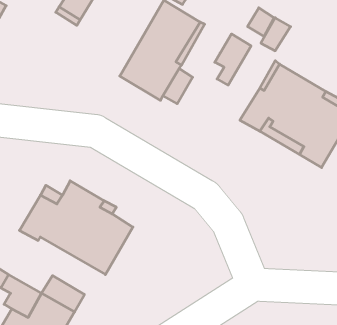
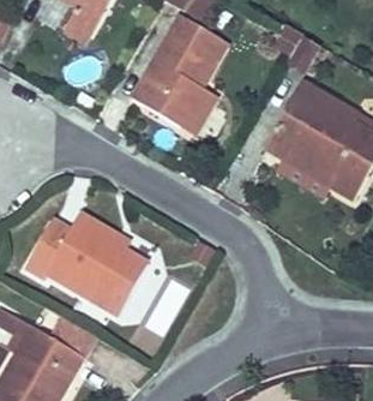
building: [215,34,251,85] -> none

